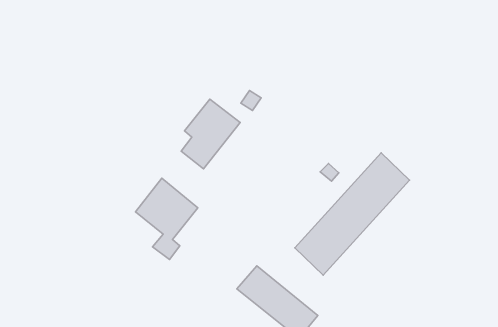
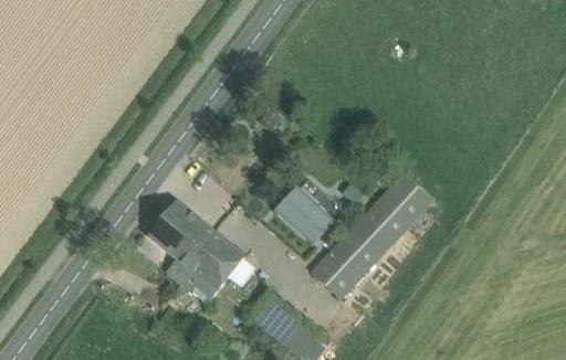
building: [181,99,240,169] -> [181,230,243,303]
building: none -> [273,186,331,242]

